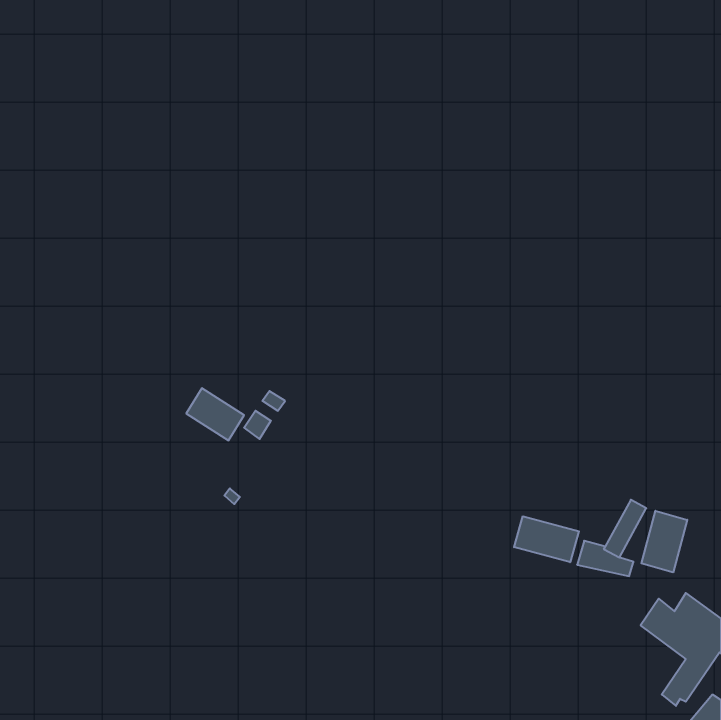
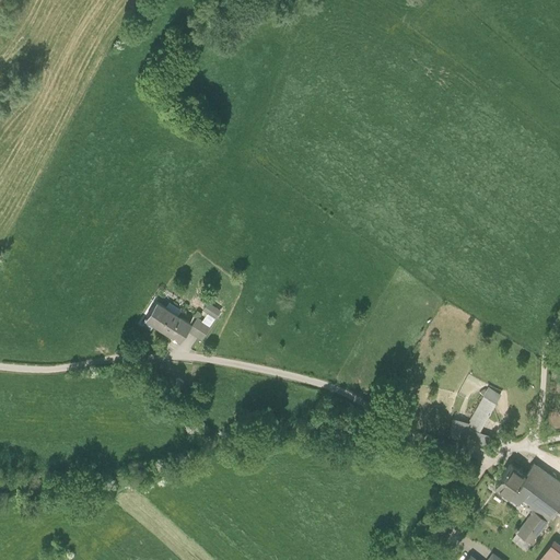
building: [641,511,687,572] -> none
building: [514,516,579,562] -> none

